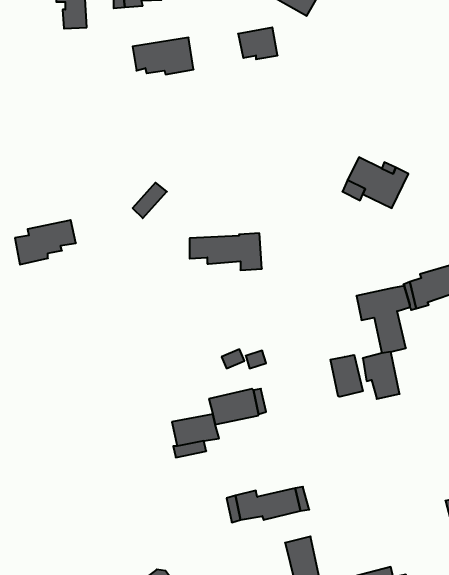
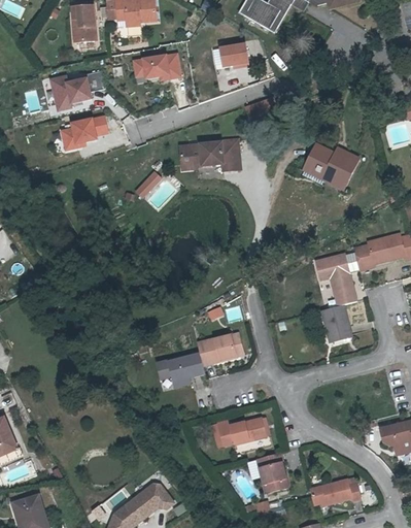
building: none -> [49,70,104,111]
building: [15,220,76,265] -> [60,114,109,151]
building: [190,233,262,270] -> [180,140,239,170]
building: [330,355,363,397] -> none

